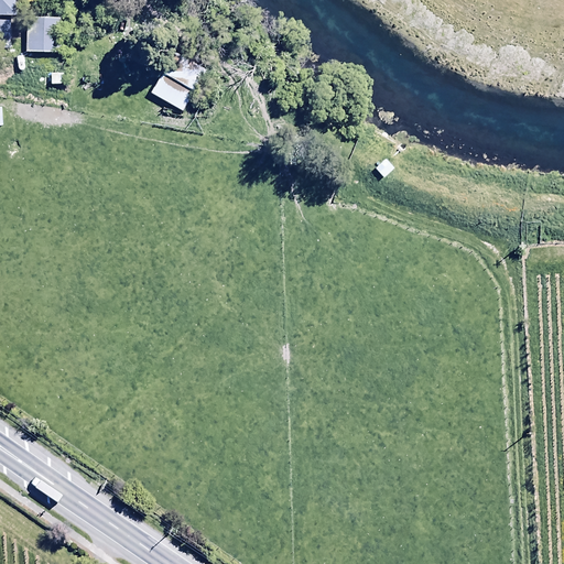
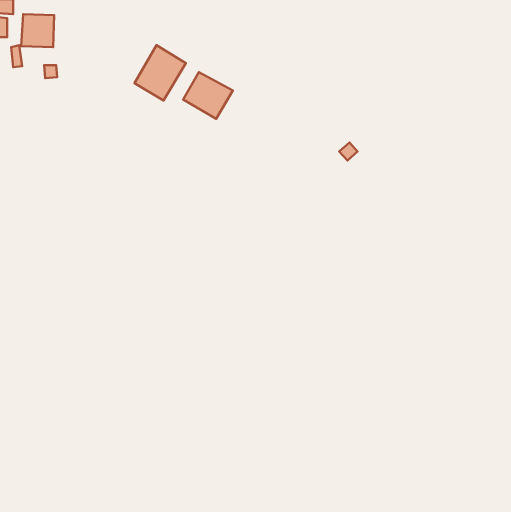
building: none -> [183,72,233,119]

